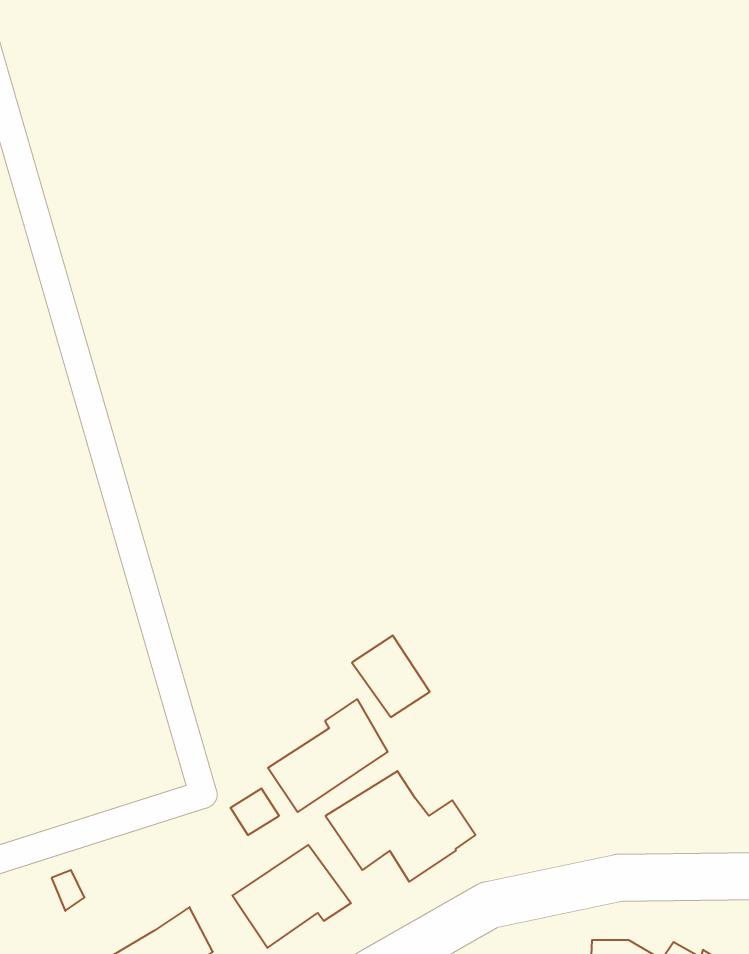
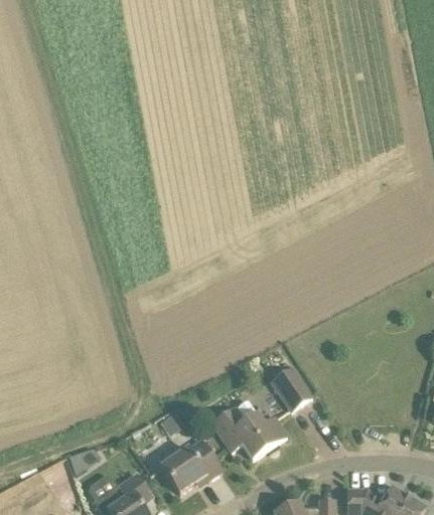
building: [352,635,430,717] -> [272,367,312,409]
building: [268,699,388,812] -> none

